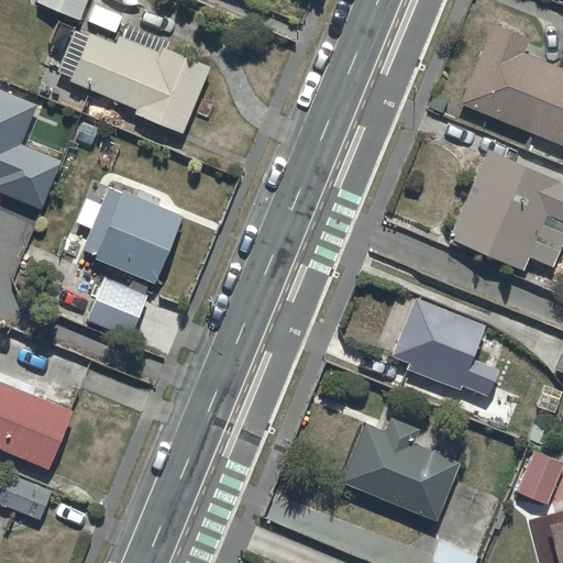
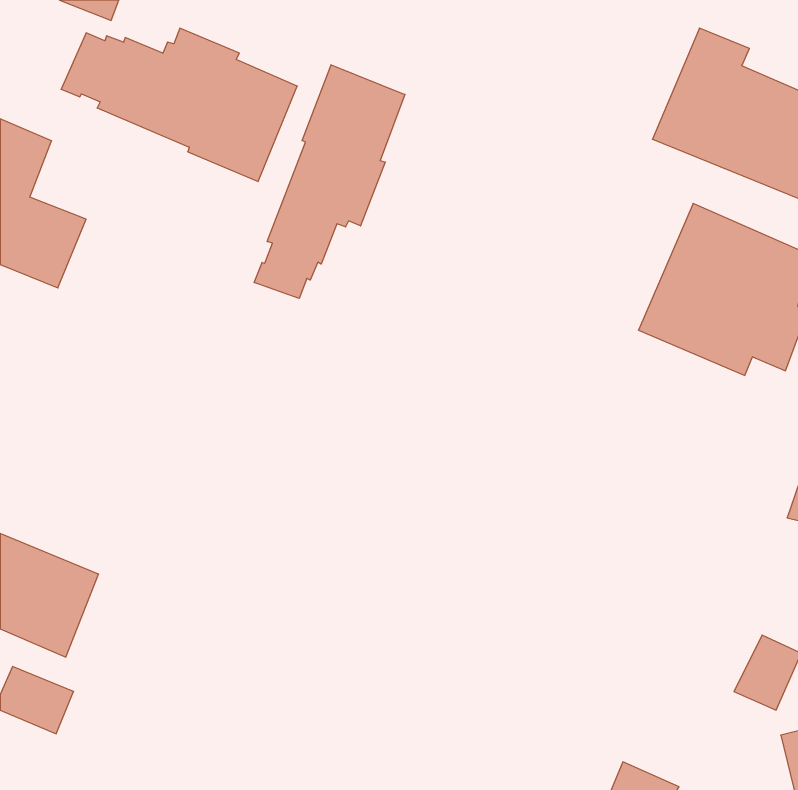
building: none -> [254,65,405,298]
building: [77,188,180,338] -> none
building: [391,298,498,397] -> none
building: [341,418,461,522] -> none

